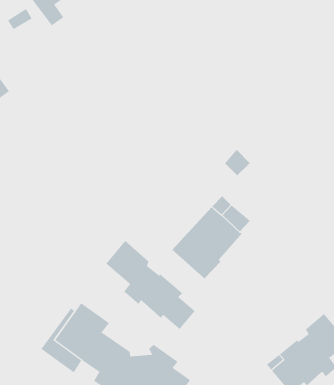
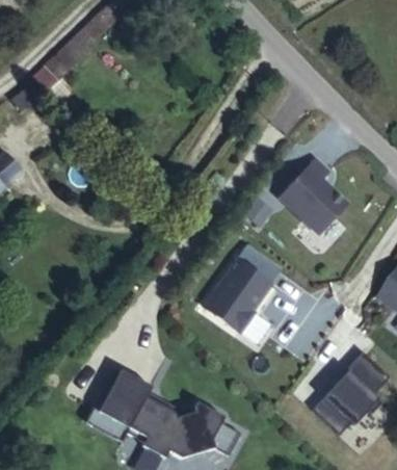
building: none -> [281,160,347,234]
building: [106,240,196,330] -> none

